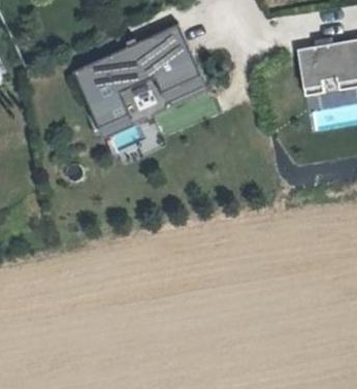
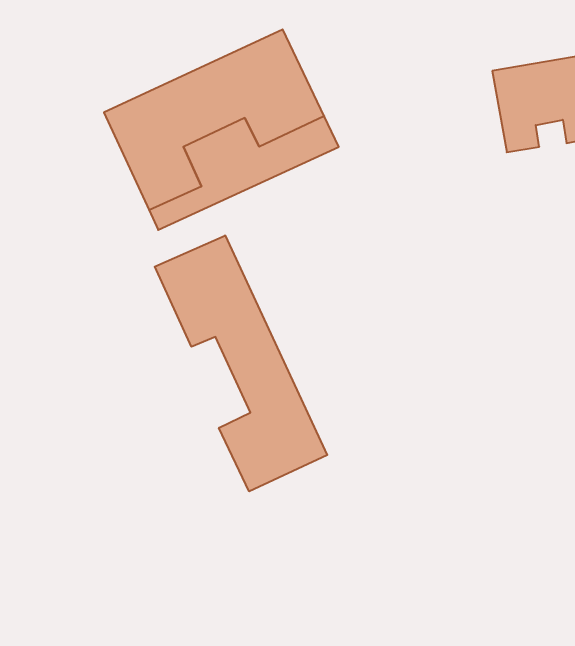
building: none -> [155,235,327,491]

